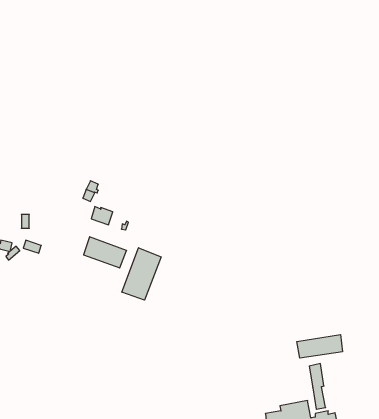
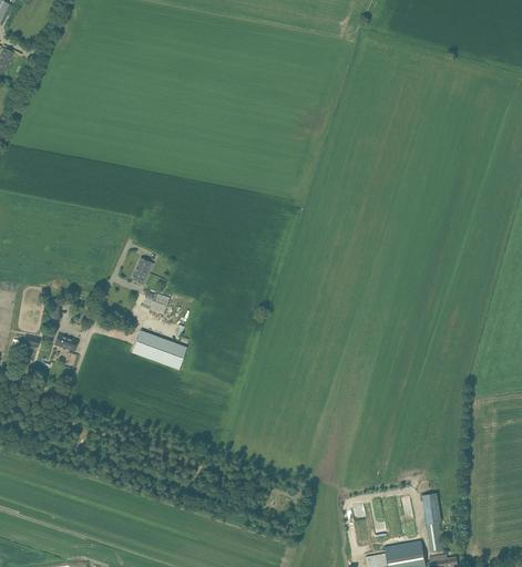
building: [122,248,161,300] -> none
building: [297,335,342,358] -> none

